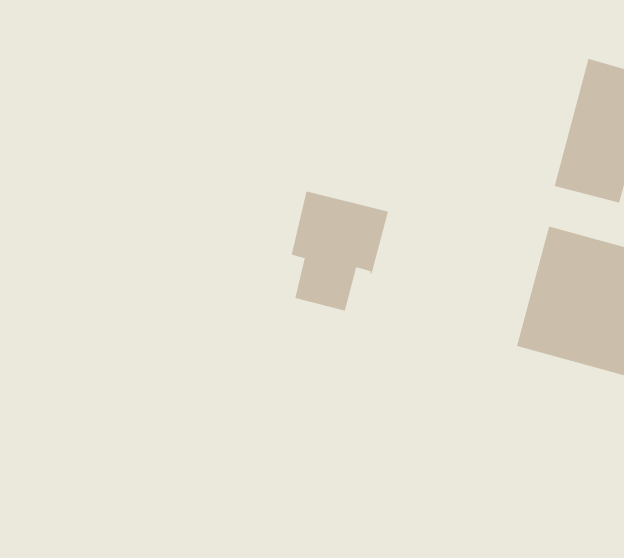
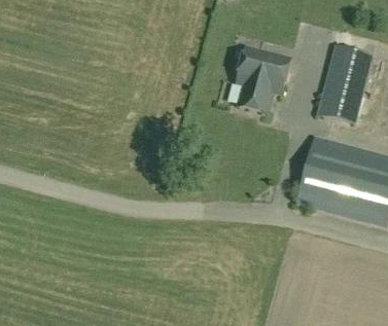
building: [291,191,389,311] -> [235,48,288,114]

